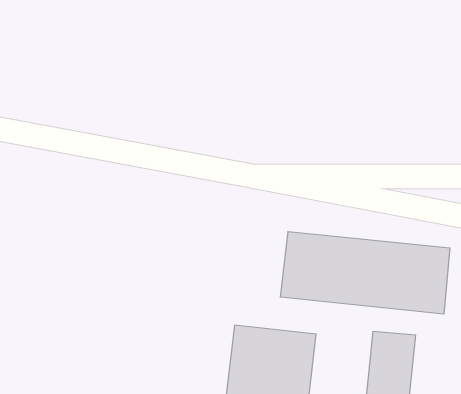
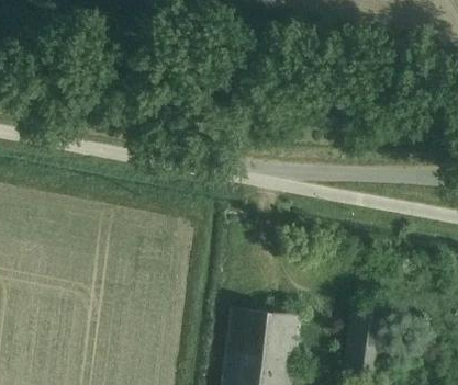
building: [280,231,450,314] -> none

